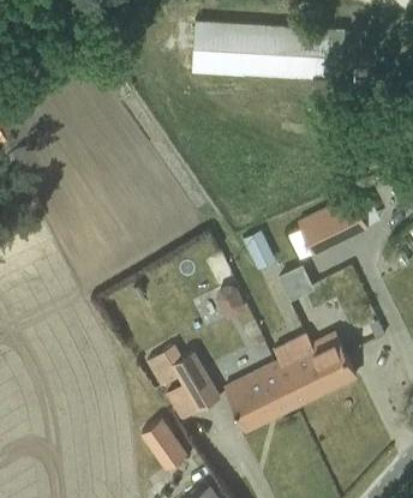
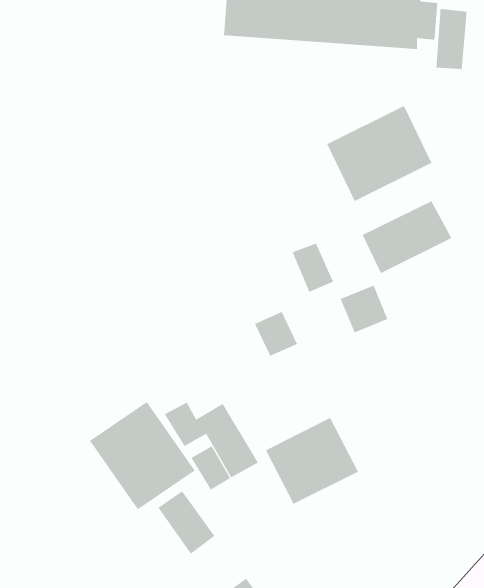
building: none -> [436,8,467,70]
building: none -> [326,105,432,202]
building: [273,334,357,406] -> none
building: none -> [89,401,195,510]

